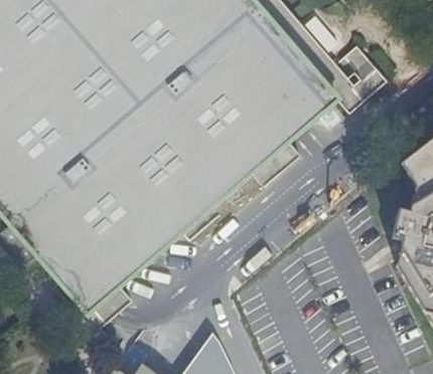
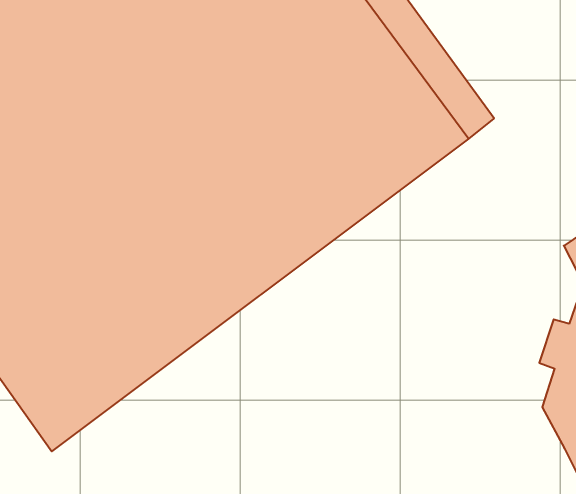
building: [339,44,382,87] -> none

